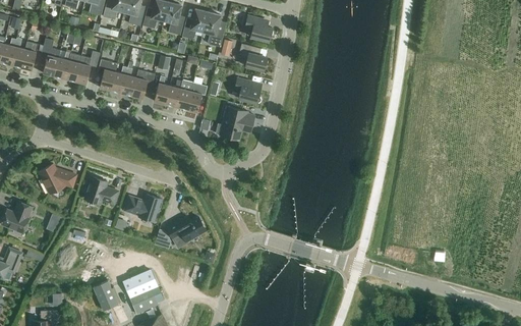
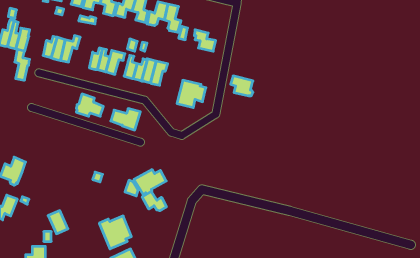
building: [244,14,273,41] -> none
building: [42,37,60,74] -> [15,50,30,80]
building: [98,58,117,90] -> none
building: [234,77,262,102] -> [231,76,253,96]
building: [39,163,76,193] -> none
building: [84,175,118,203] -> [76,94,103,116]
building: [125,194,162,220] -> [111,109,140,130]
building: none -> [142,192,166,211]
building: [94,280,118,309] -> [48,211,68,234]

